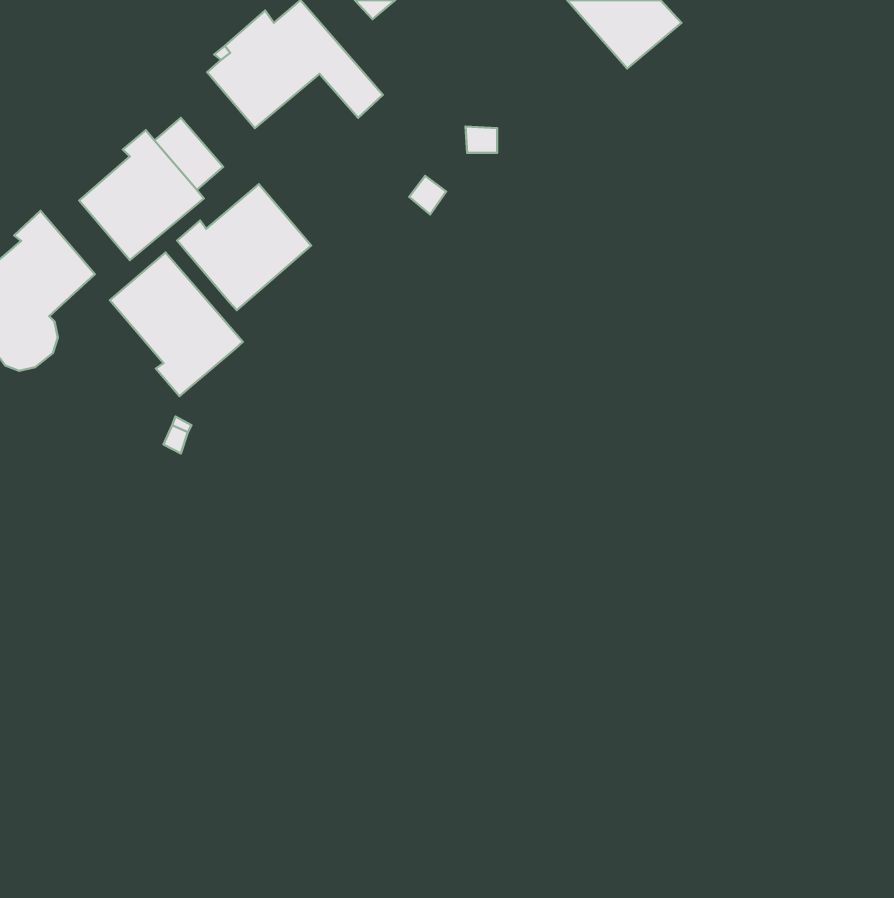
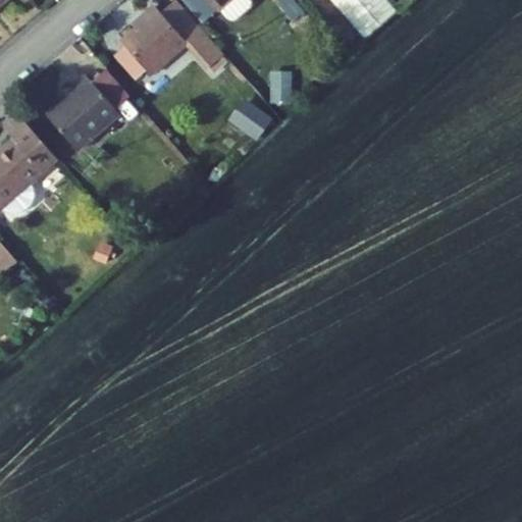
building: [177,184,311,310] -> none
building: [110,253,243,396] -> none

